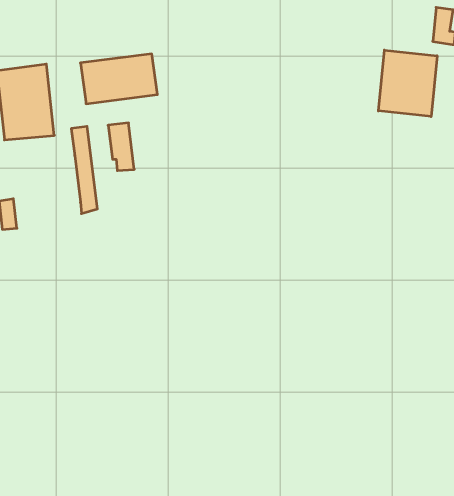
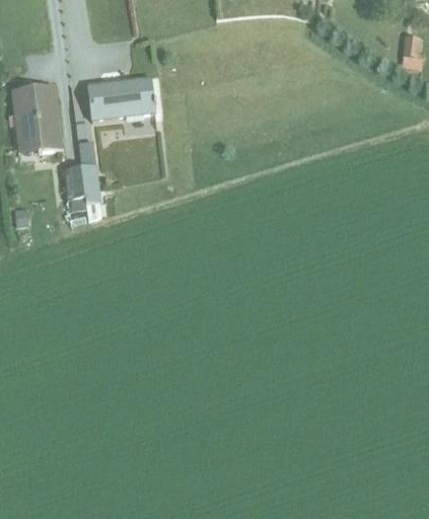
building: [378,50,437,117] -> none
building: [108,123,134,171] -> [64,167,87,210]

